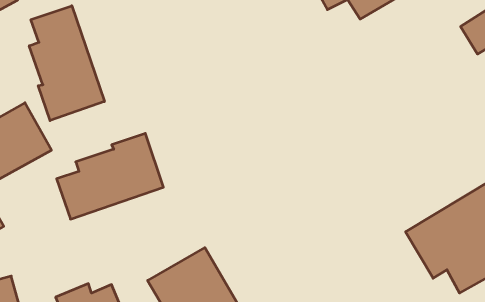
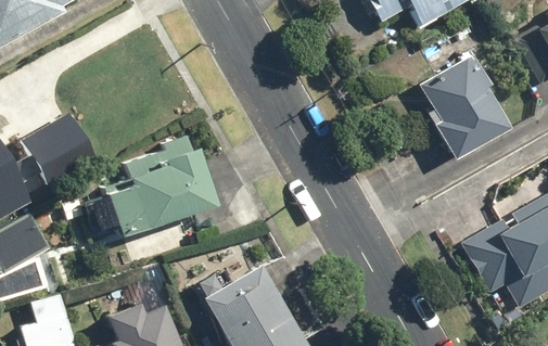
building: [29,6,104,121] -> none
building: none -> [411,61,504,155]

